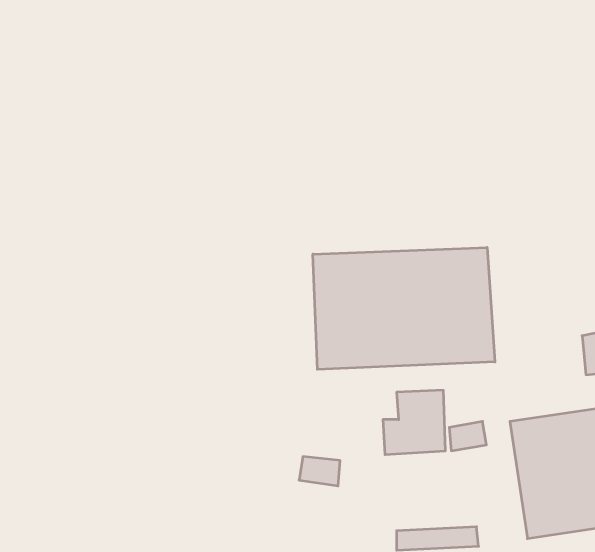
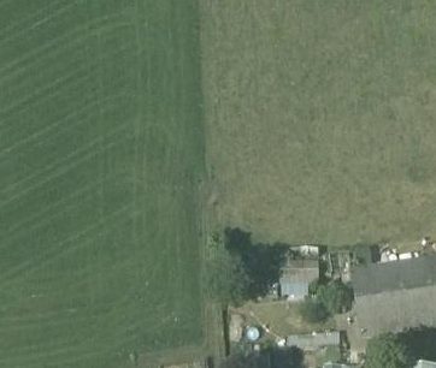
building: [313,247,495,369] -> none

